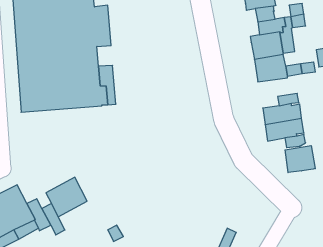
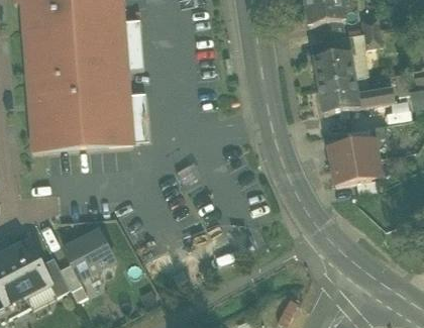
building: [285,146,315,173] -> none

